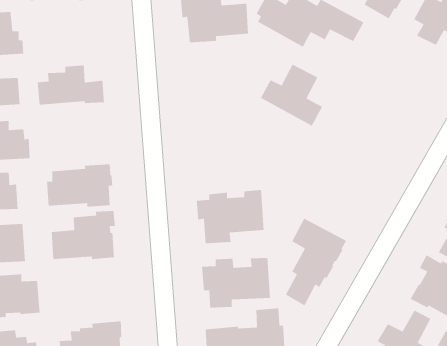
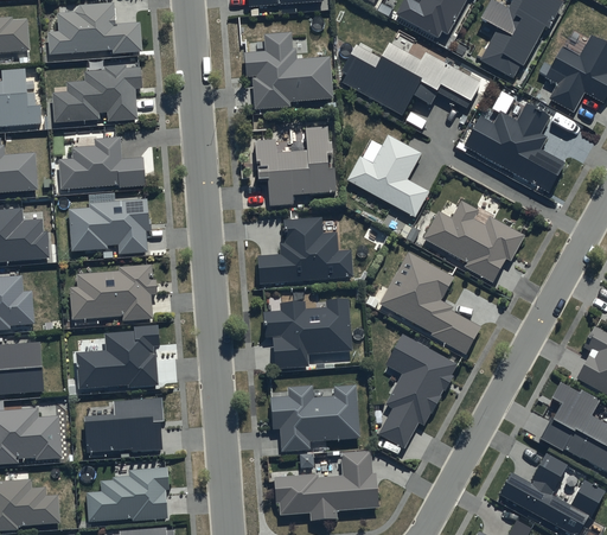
building: none -> [52,65,142,122]
building: none -> [462,103,566,193]
building: none -> [254,126,336,206]
building: none -> [69,199,149,254]
building: none -> [422,199,524,282]
building: none -> [256,217,353,285]
building: none -> [378,251,480,356]
building: none -> [84,397,164,453]

